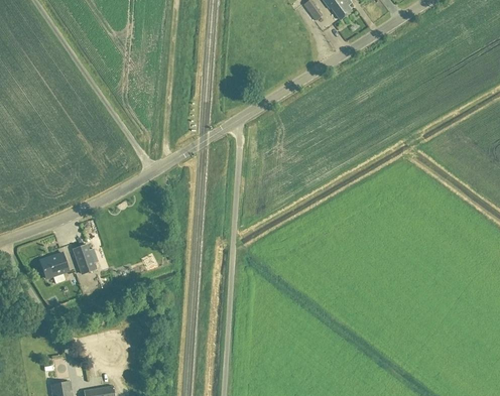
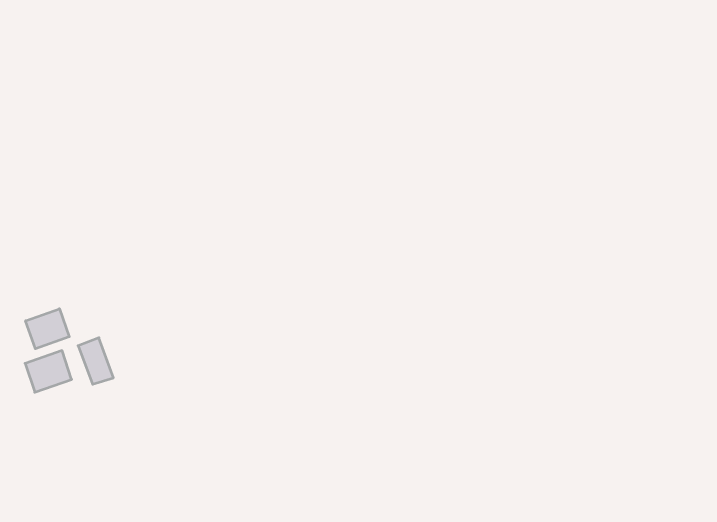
building: none -> [26,309,69,349]

